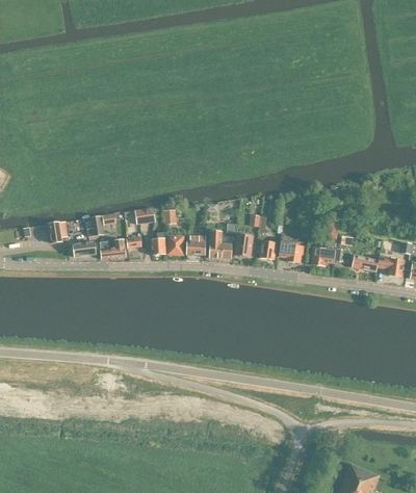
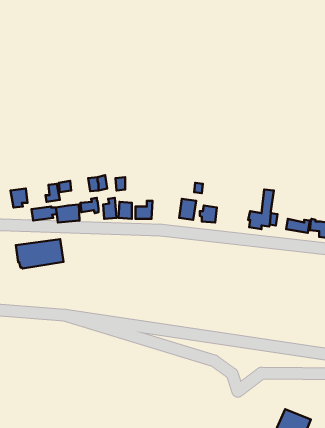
building: [209,231,231,259] -> none
building: [279,239,304,263] -> none
building: none -> [16,239,63,269]

